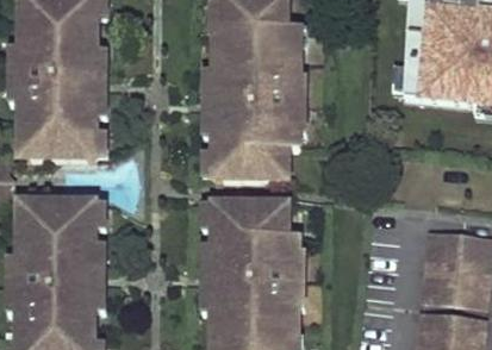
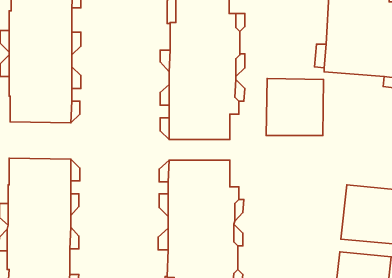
building: none -> [266,78,324,136]

